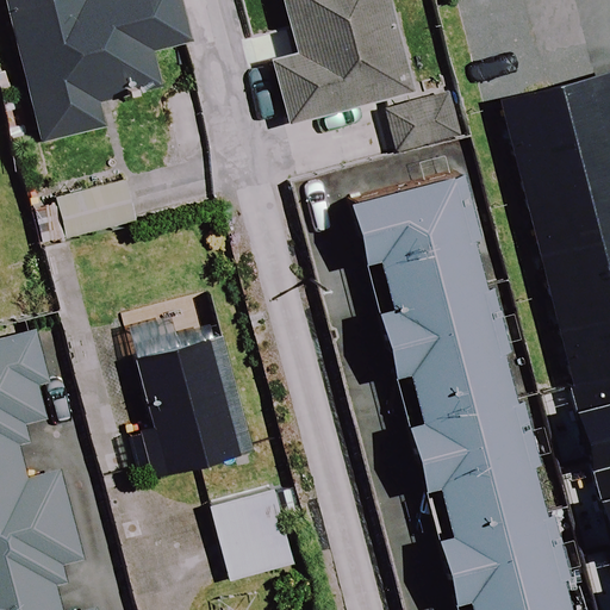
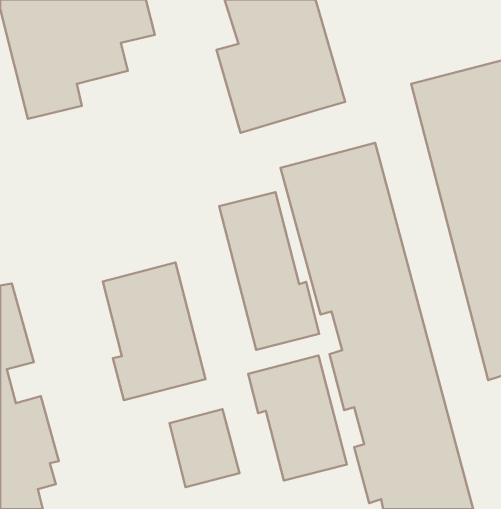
building: none -> [219,192,319,350]
building: none -> [248,356,347,480]

